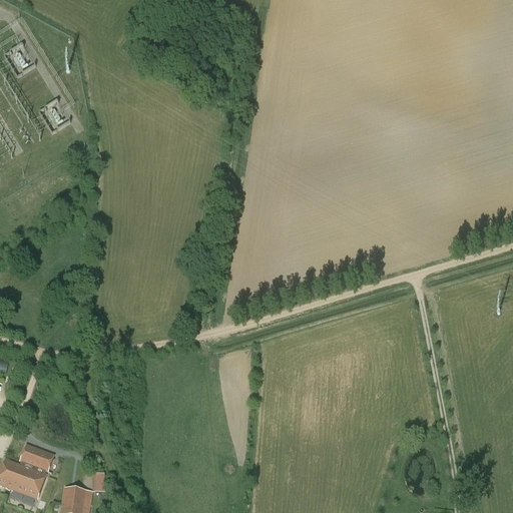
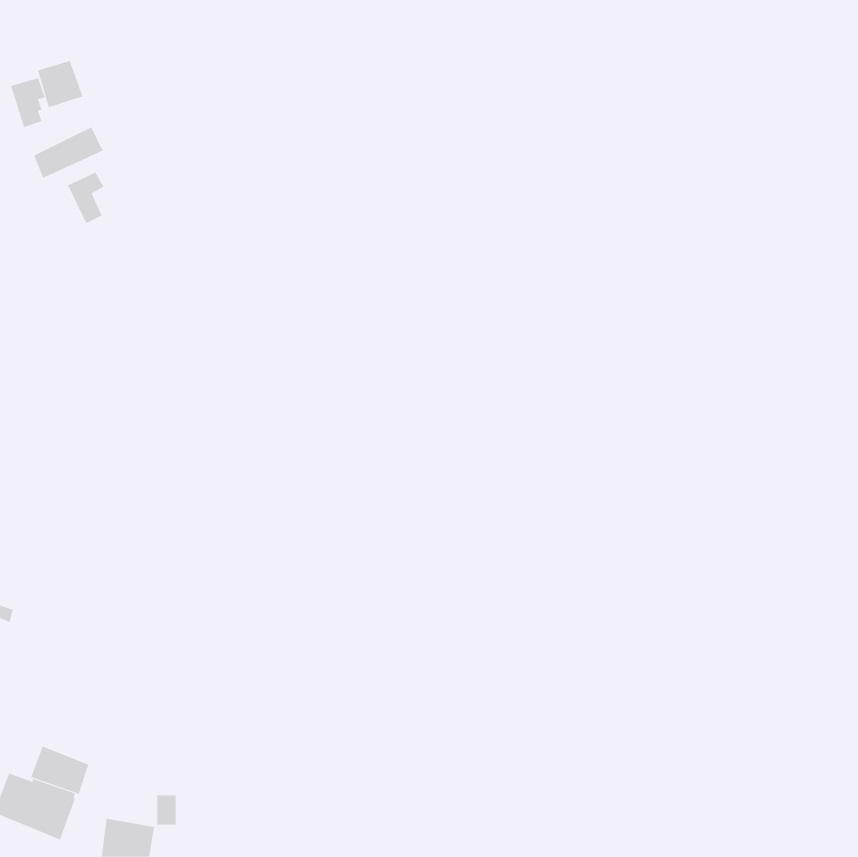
building: none -> [37,60,83,108]
building: none -> [33,126,103,179]

